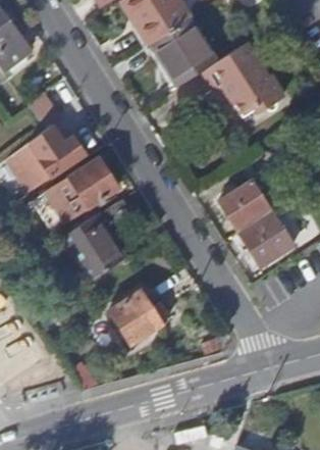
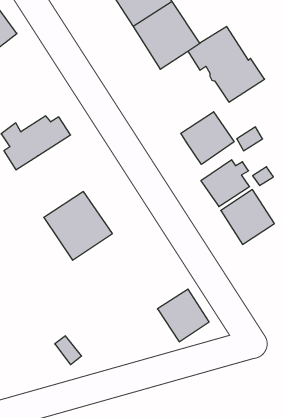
building: none -> [181,112,234,164]
building: [44,156,117,221] -> none
building: [108,290,161,344] -> [157,289,209,342]

